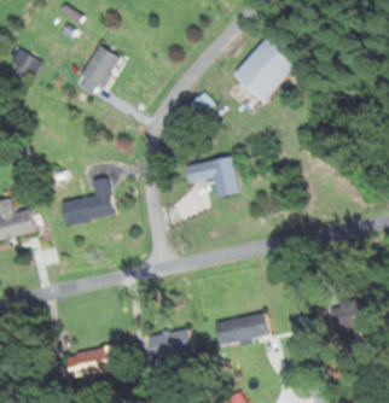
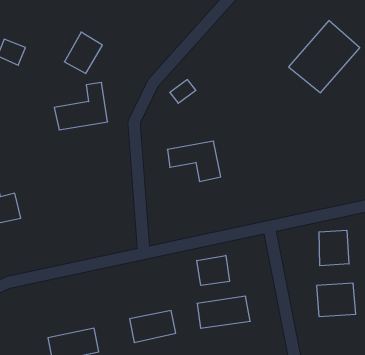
building: [232,28,304,101] -> [289,21,360,93]
building: [59,176,114,224] -> [54,83,108,130]
building: none -> [319,230,349,266]
building: none -> [197,255,229,285]

